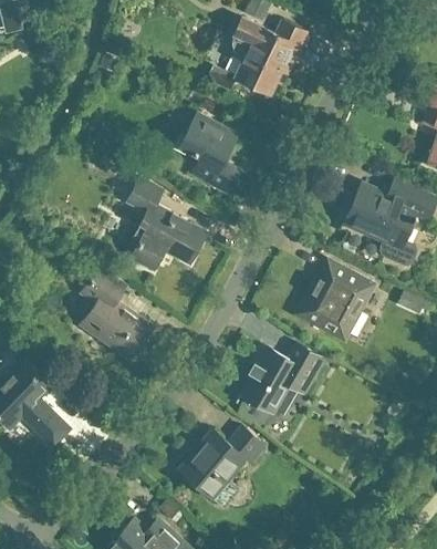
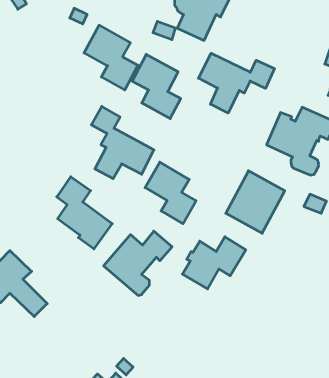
building: none -> [84,25,138,90]
building: none -> [198,53,274,113]
building: none -> [145,162,196,224]
building: [178,425,266,507] -> [104,231,172,295]

